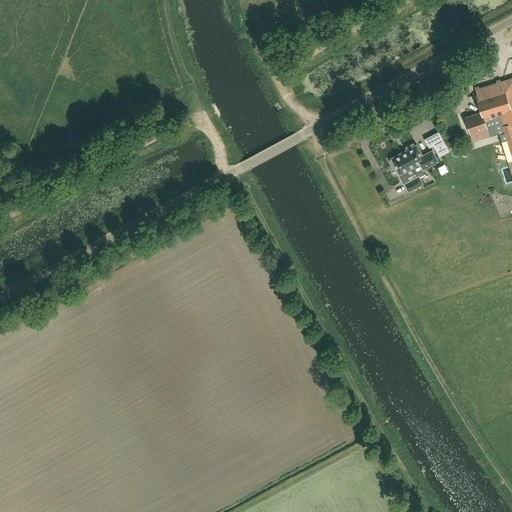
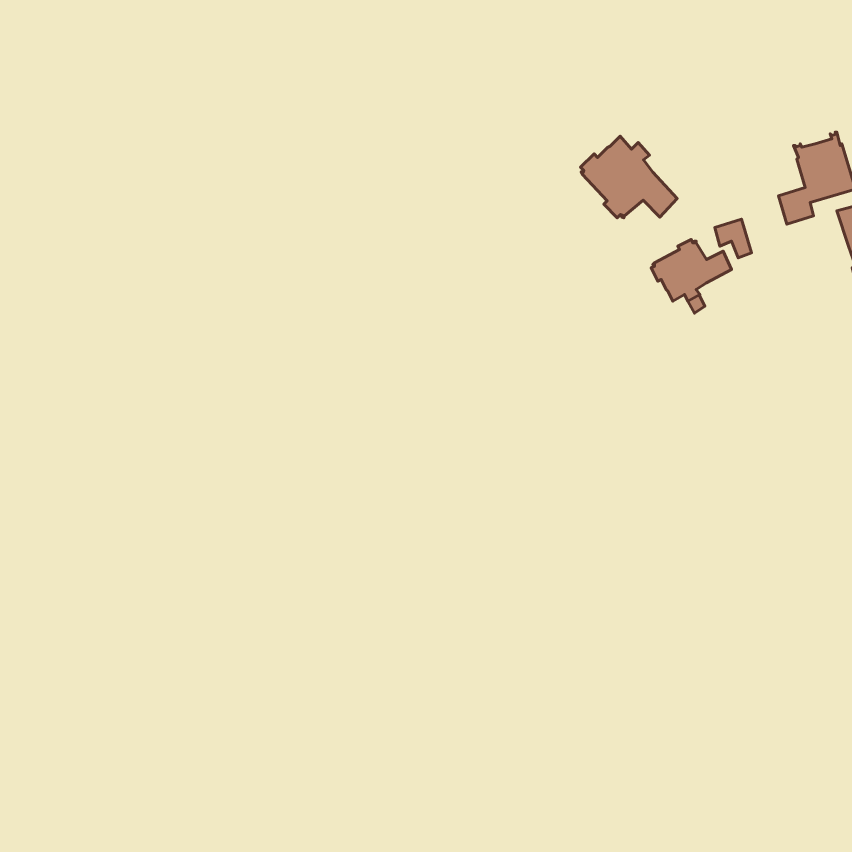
building: none -> [581,136,677,218]

